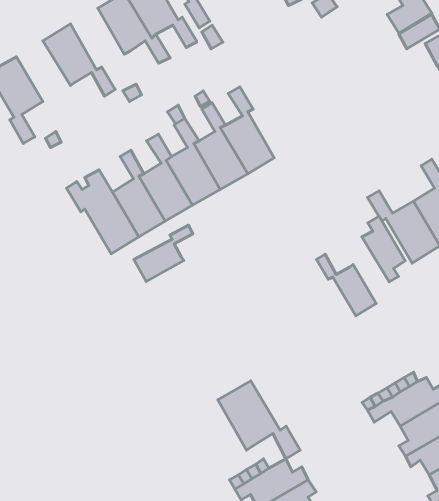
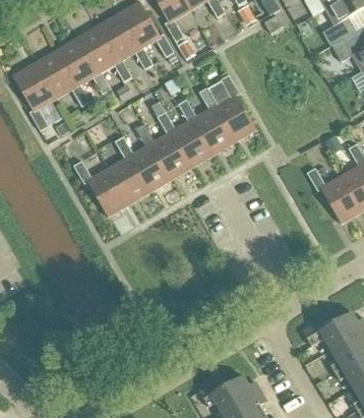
building: none -> [76,26,132,82]
building: none -> [35,52,90,107]
building: none -> [207,75,255,142]
building: [362,216,405,282] -> none
building: [134,225,193,282] -> none
building: [317,254,376,316] -> none
building: [218,381,300,459] -> none

